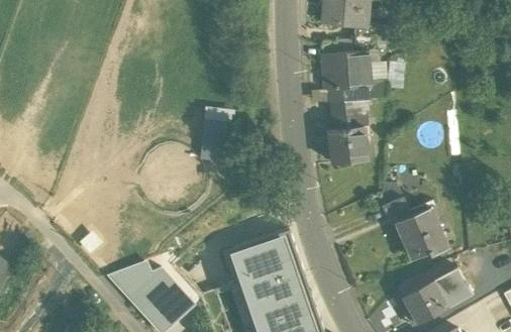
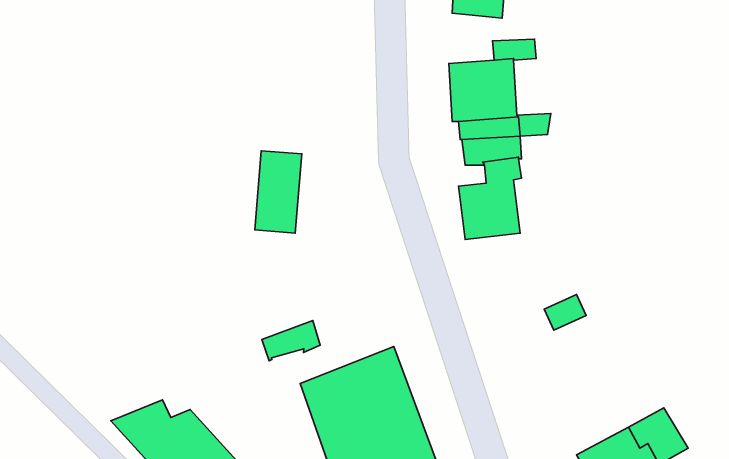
building: [395,206,446,258] -> none
building: none -> [262,321,320,361]

